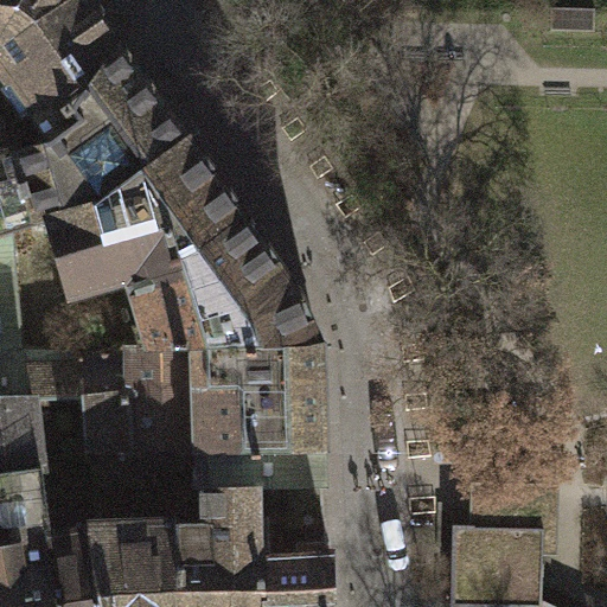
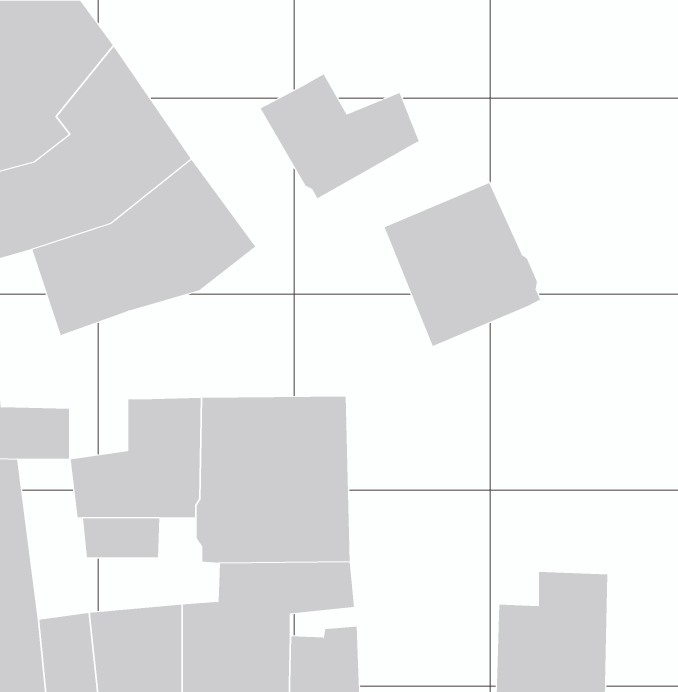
building: none -> [260,73,420,199]
building: none -> [384,182,541,347]
building: [111,221,300,352] -> none

